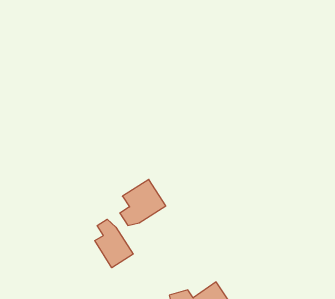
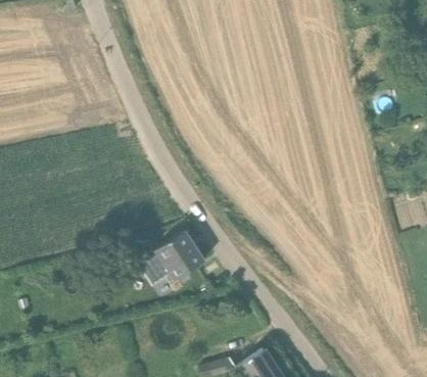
building: [95,219,133,268] -> none

